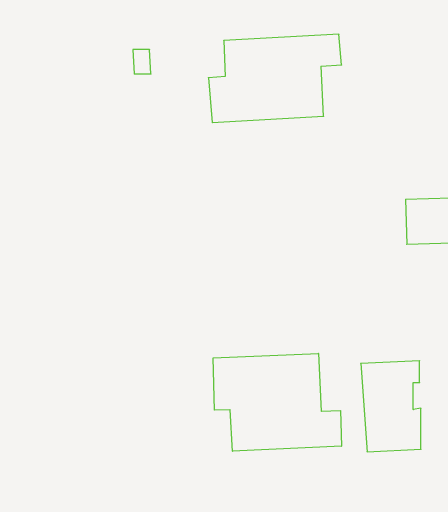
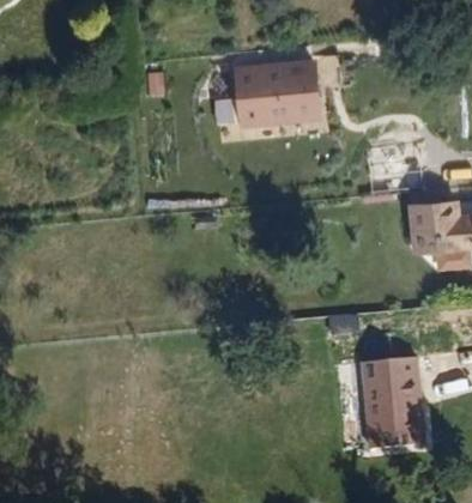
building: [213,353,341,451] -> none

